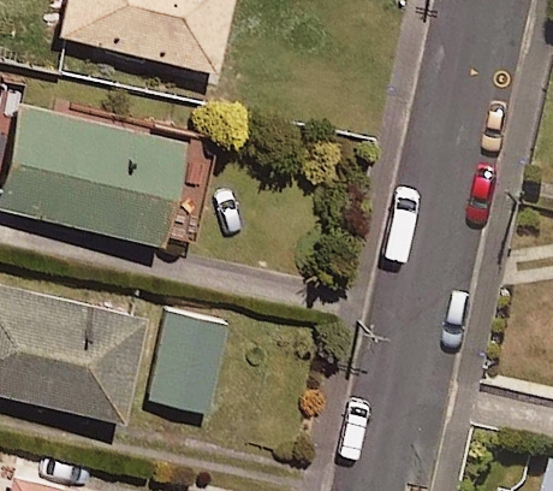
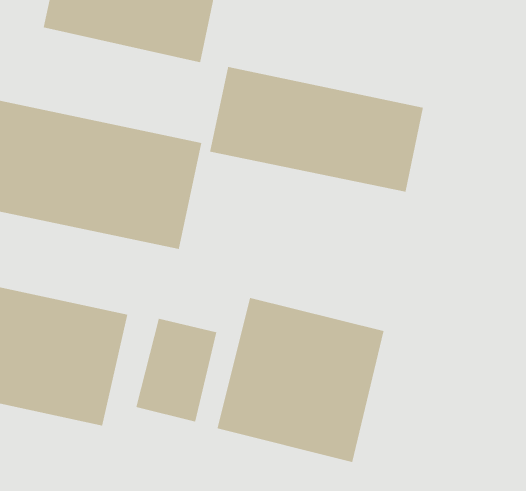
building: none -> [209,66,424,192]
building: none -> [217,297,384,463]

